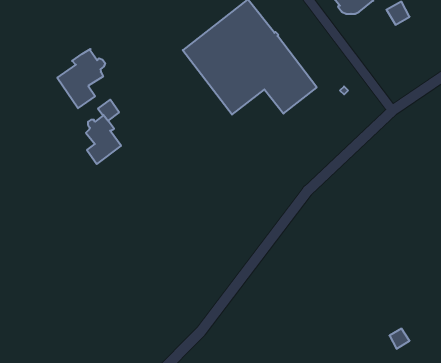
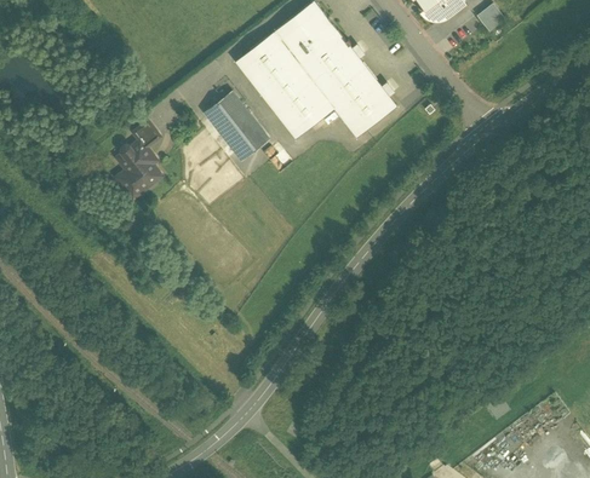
building: [57,49,105,108] -> none
building: none -> [206,94,265,159]

